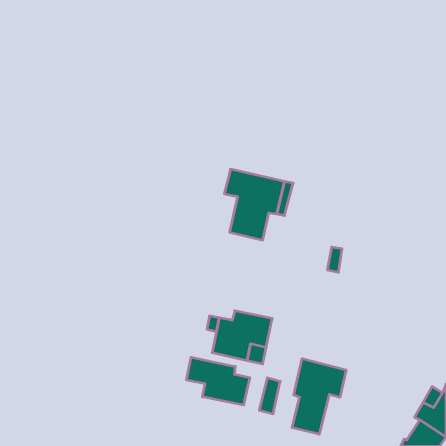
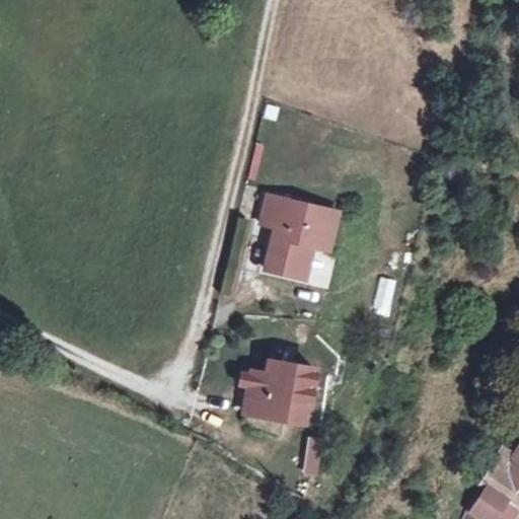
building: [187,357,250,405] -> none
building: [292,359,346,434] -> none

